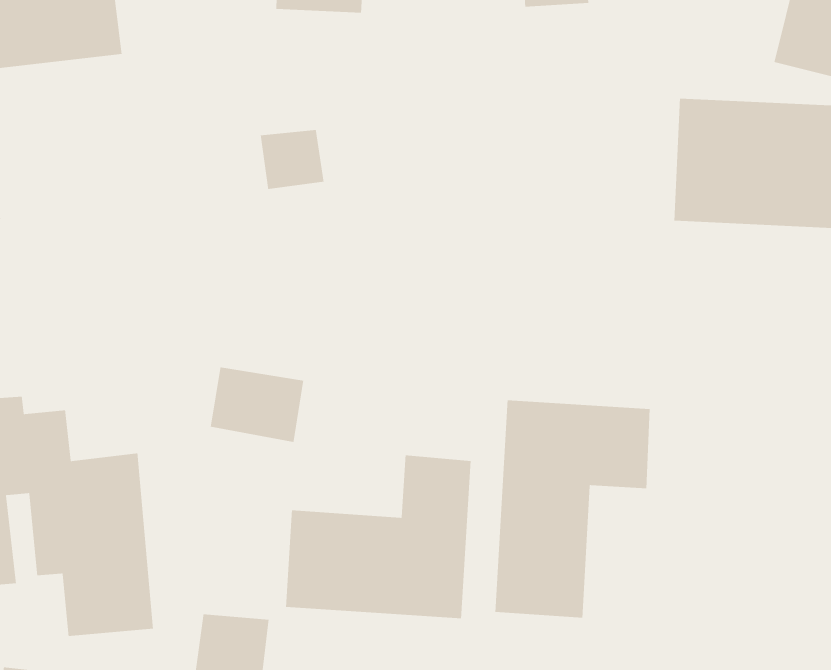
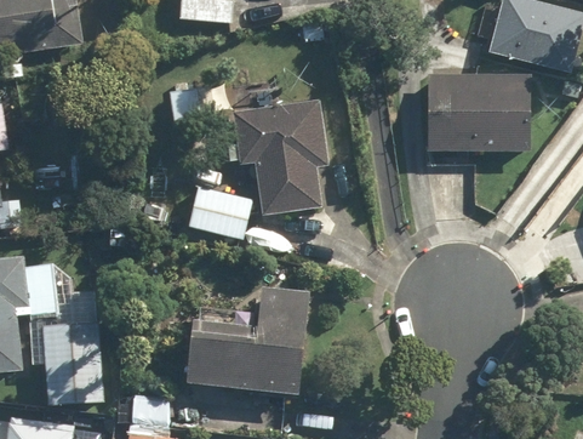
building: none -> [232,101,326,216]
building: [210,366,304,443] -> [192,188,250,235]
building: [495,400,651,618] -> none

